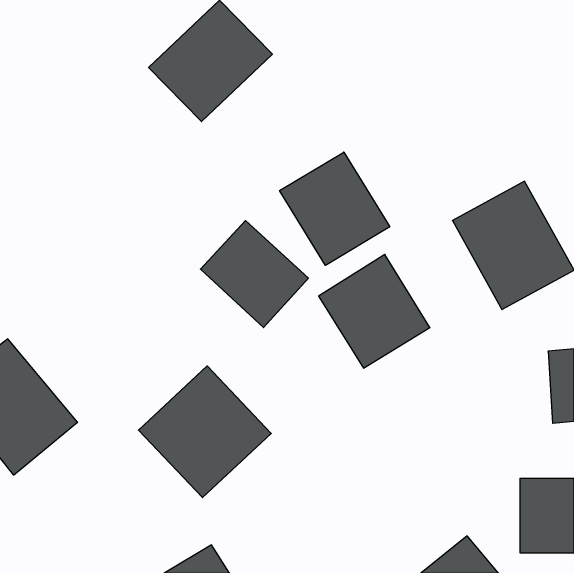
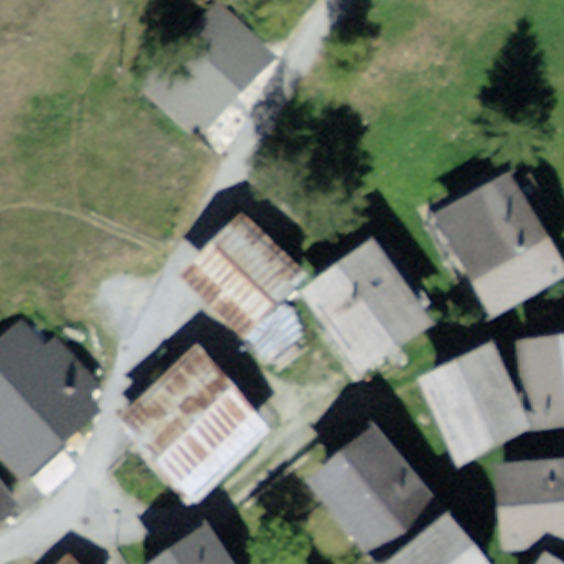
building: [280,152,390,265] -> none
building: none -> [432,349,529,448]
building: none -> [324,431,437,547]

